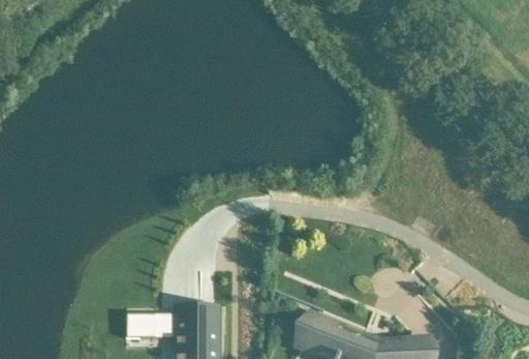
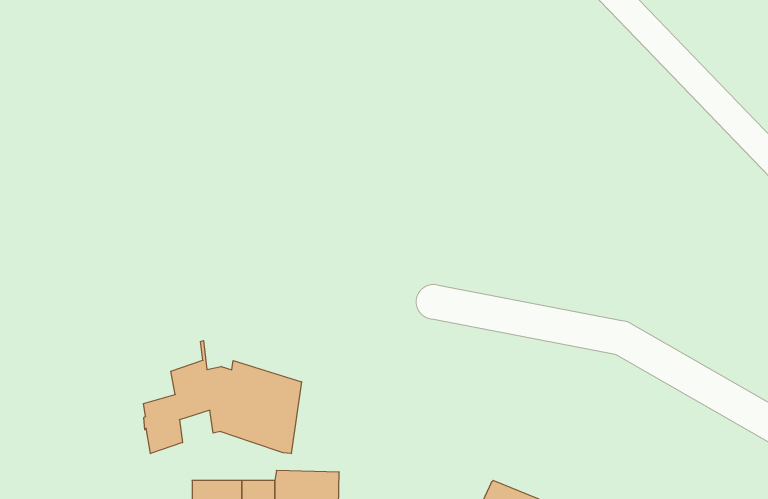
building: none -> [143,341,302,454]

